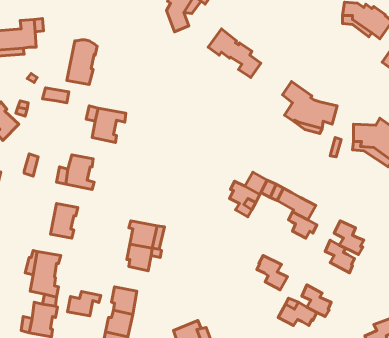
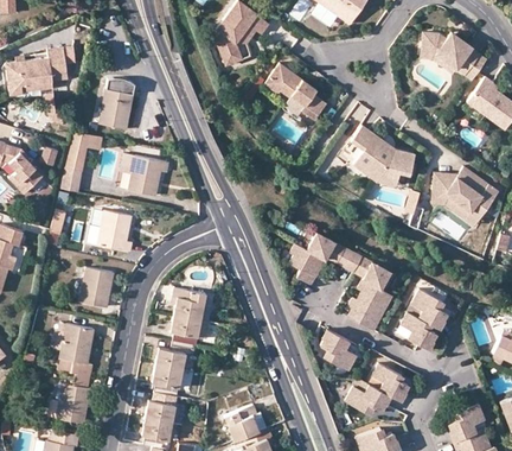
building: none -> [63,146,89,193]
building: none -> [350,296,383,326]
building: [67,291,101,316] -> [156,342,196,370]

